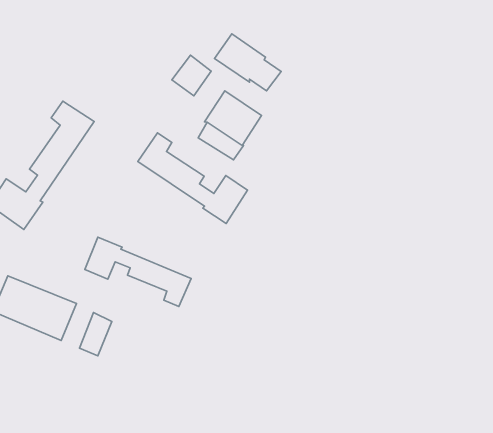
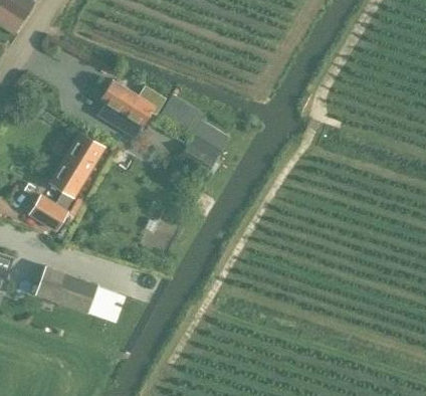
building: [214,34,281,91] -> [100,80,151,122]
building: [138,133,248,223] -> none
building: [85,237,191,306] -> none

